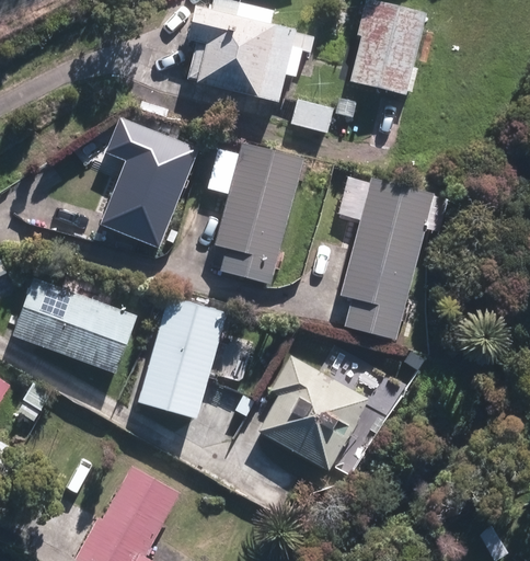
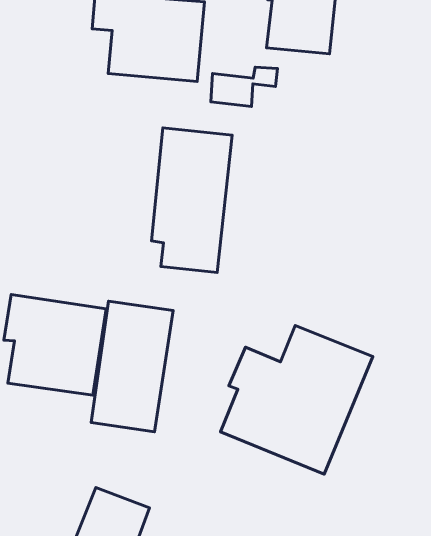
building: [100,117,199,248] -> none
building: [338,178,435,340] -> none

